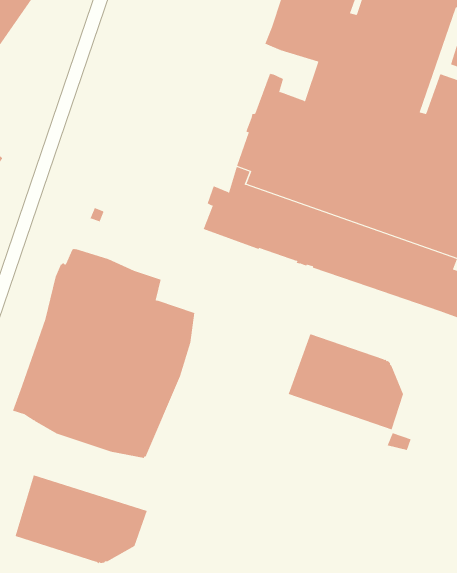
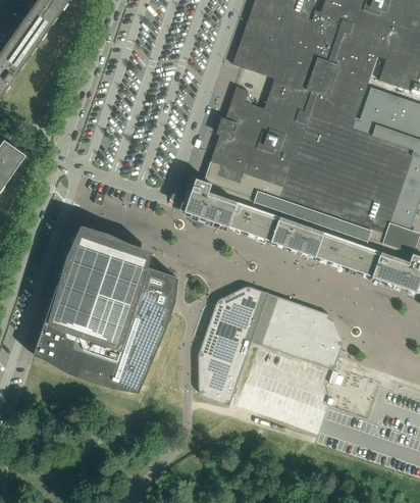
building: none -> [198,287,268,402]
building: [15,474,147,564] -> none

